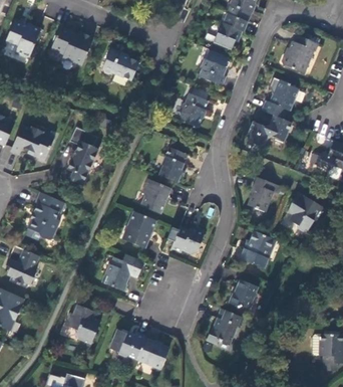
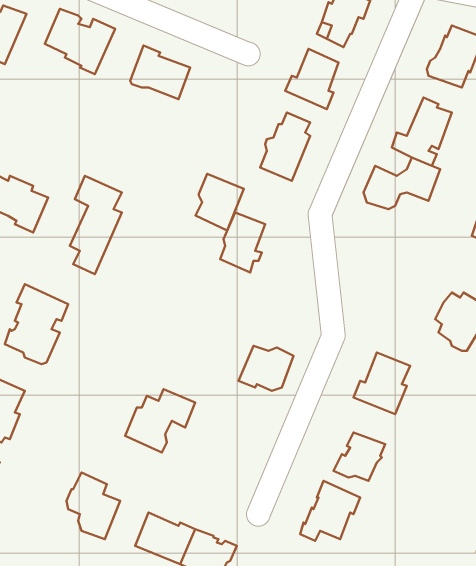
building: [240,176,272,213] -> none
building: [138,181,167,215] -> [195,174,244,231]
building: [125,212,154,249] -> none

